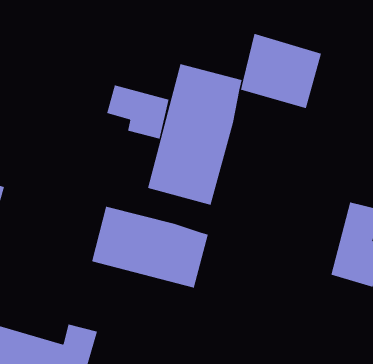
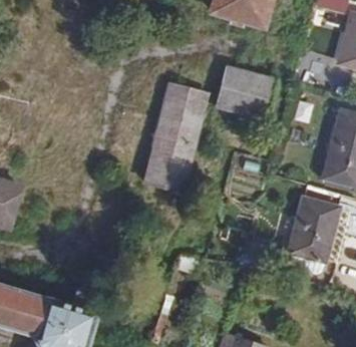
building: [106,85,169,139] -> none
building: [92,206,209,289] -> none

